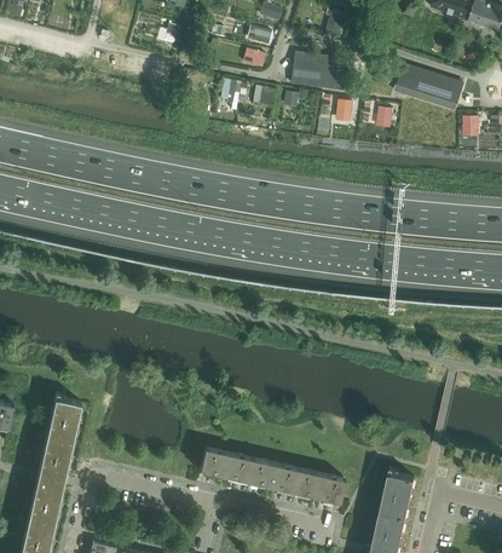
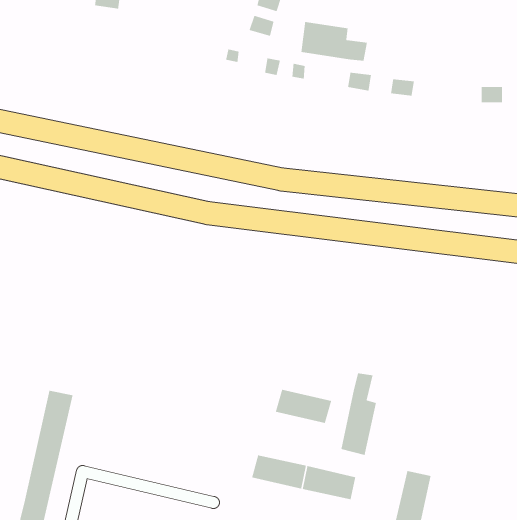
building: [397,64,462,110] -> none
building: none -> [340,373,377,456]
building: [198,447,252,479] -> [275,389,332,424]

